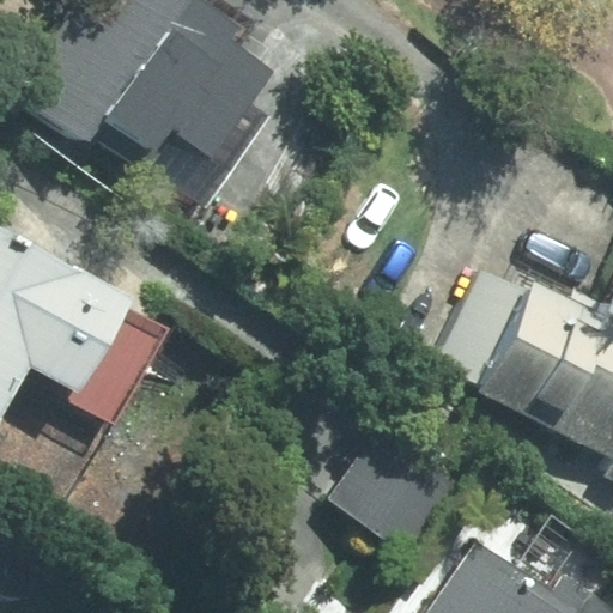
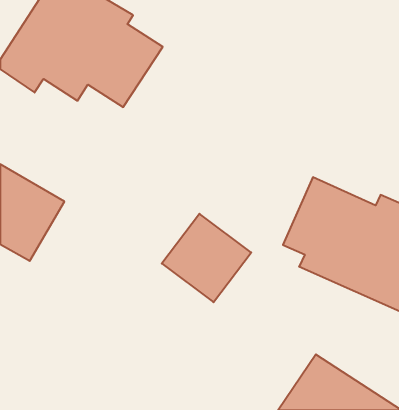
building: [332,425,465,557] -> [162,214,251,302]

